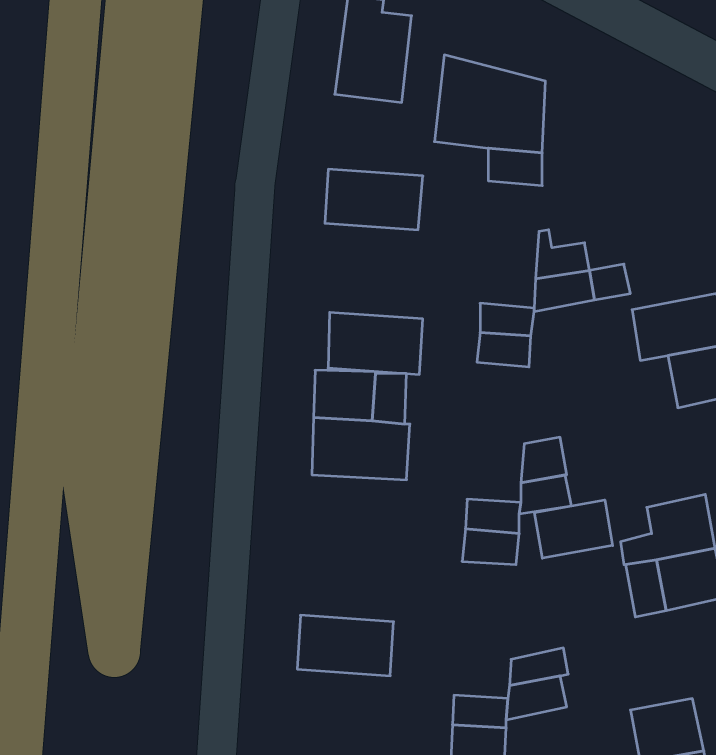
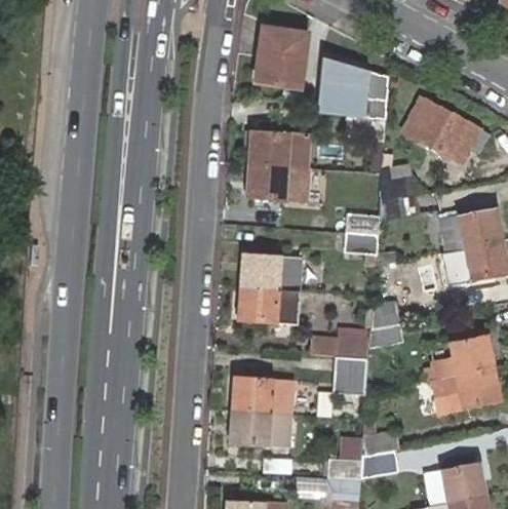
building: none -> [401,95,478,164]
building: [328,312,423,374] -> [247,163,307,202]
building: [535,500,613,558] -> none
building: none -> [233,377,294,414]

